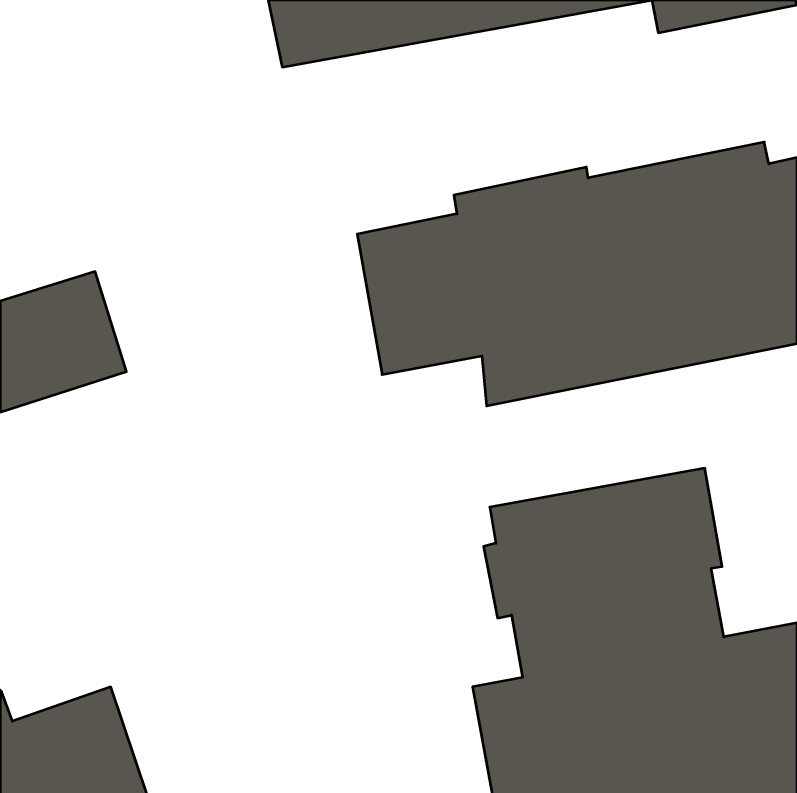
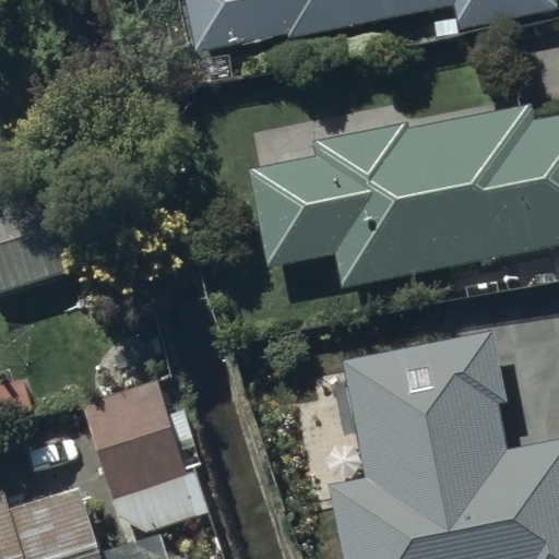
building: none -> [83,378,218,538]

